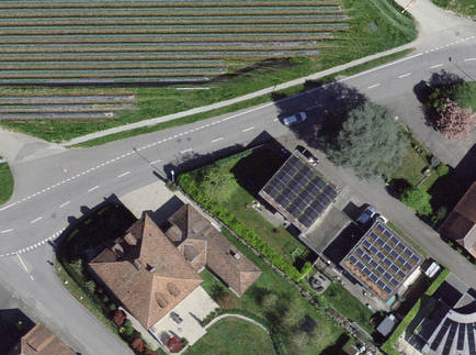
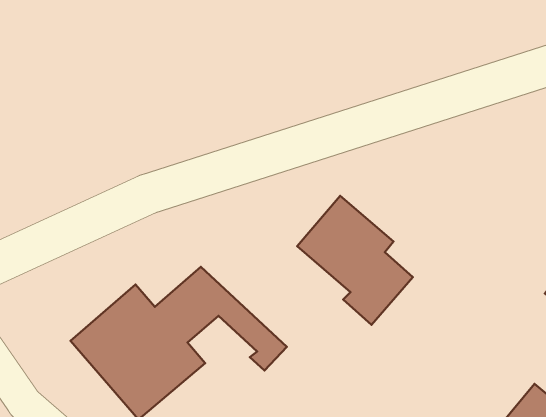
building: [319,220,419,301] -> none

